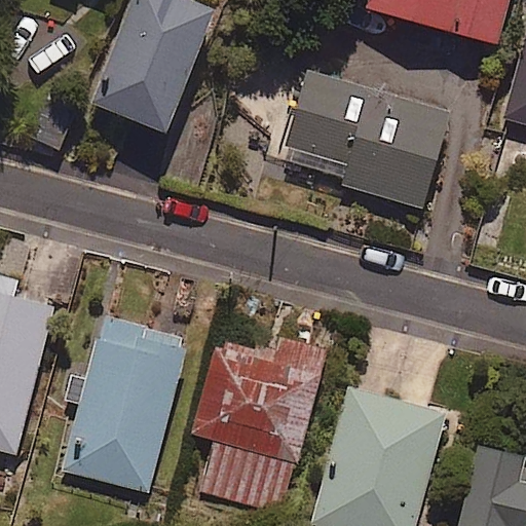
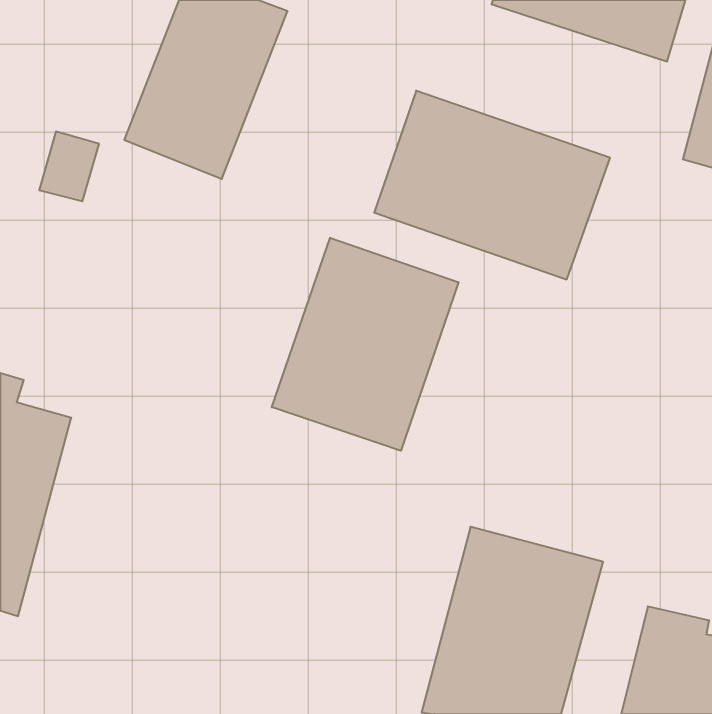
building: none -> [272,238,458,451]
building: [62,317,187,492] -> none
building: [197,337,325,513] -> none

